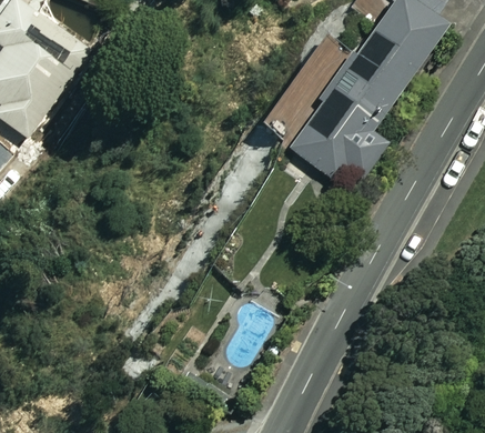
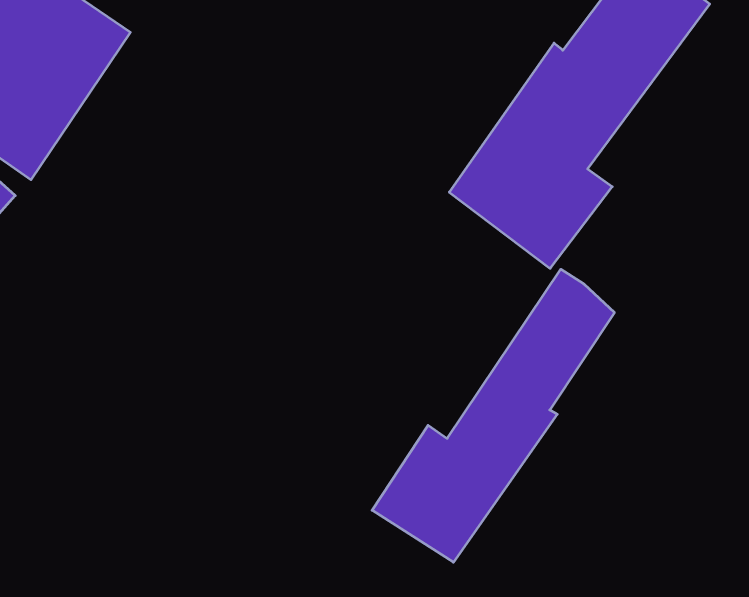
building: none -> [372,269,614,562]

